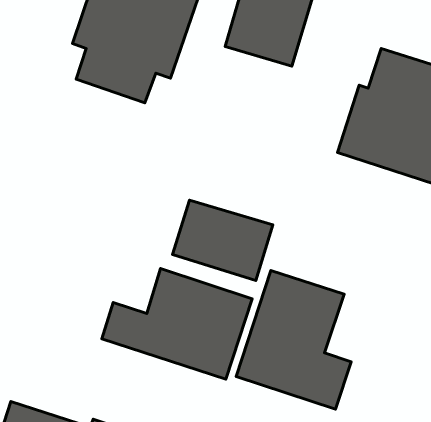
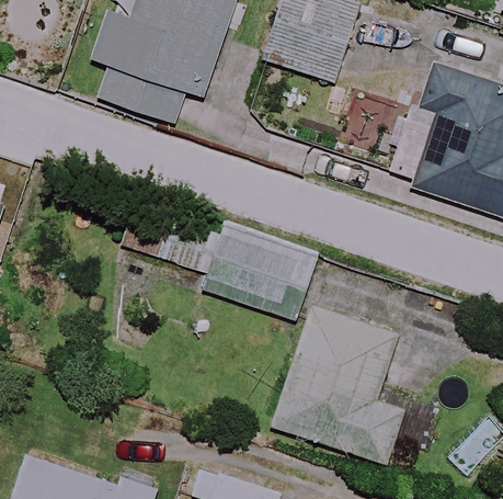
building: [102,269,252,379] -> none

